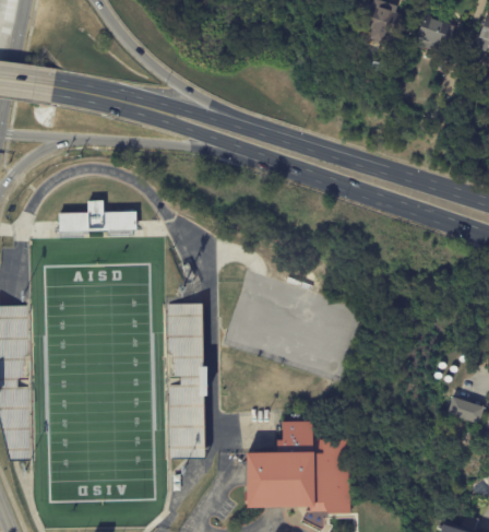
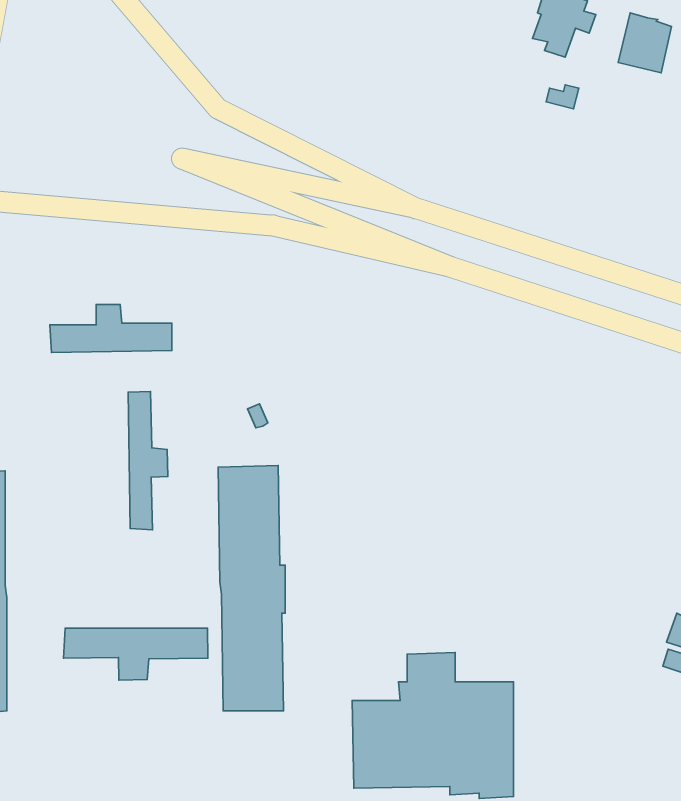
building: none -> [128,391,168,530]
building: none -> [64,628,208,680]

